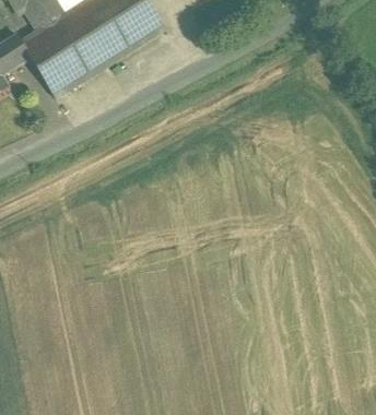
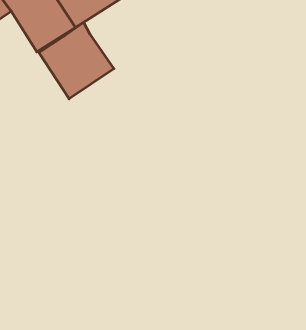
building: none -> [39,22,114,99]

